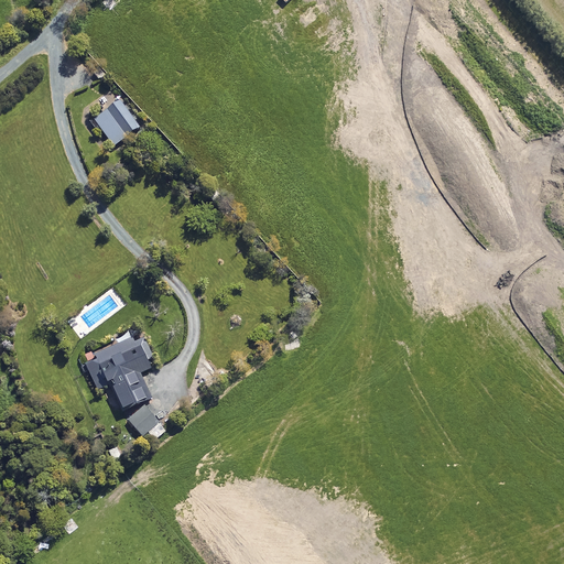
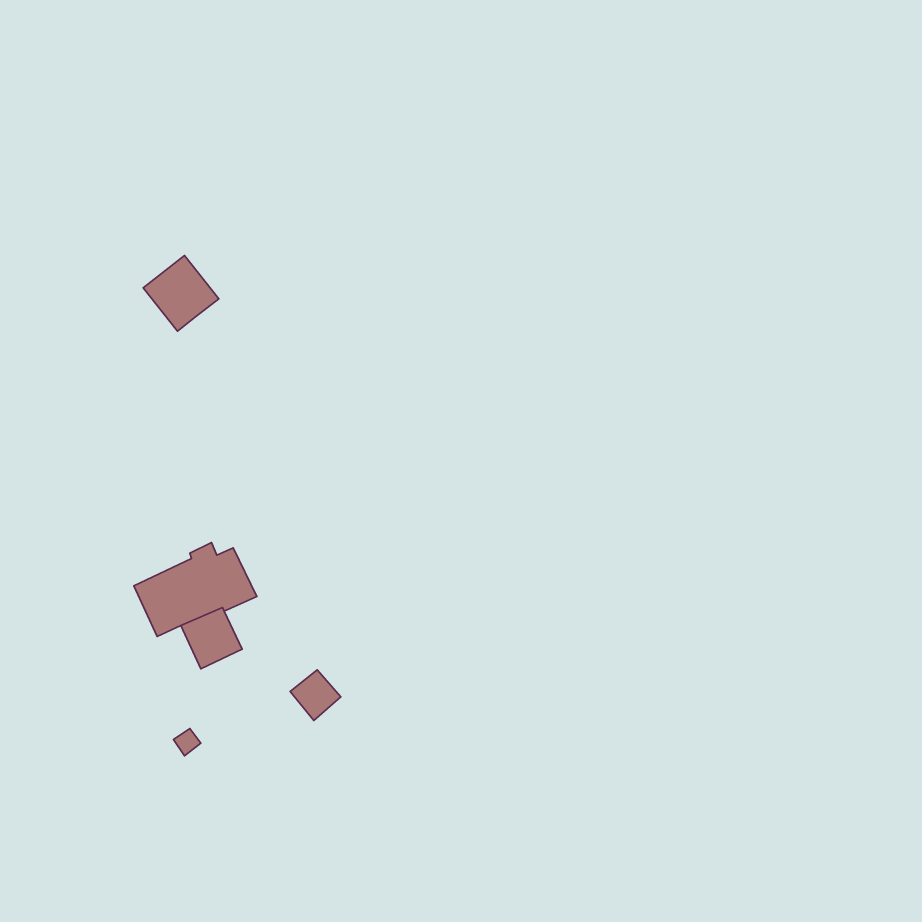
building: [94,99,140,145] -> [143,255,219,331]
building: [128,404,159,435] -> [290,670,341,720]

